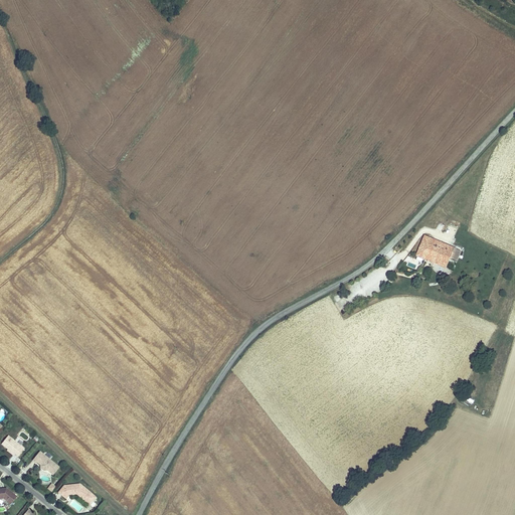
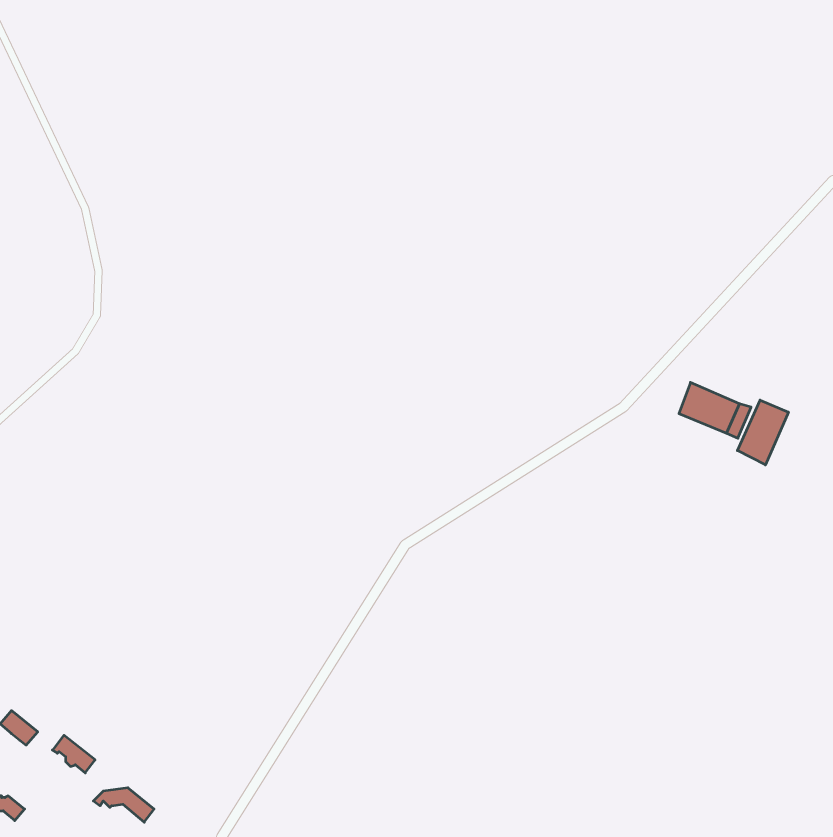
building: none -> [737,400,788,465]

